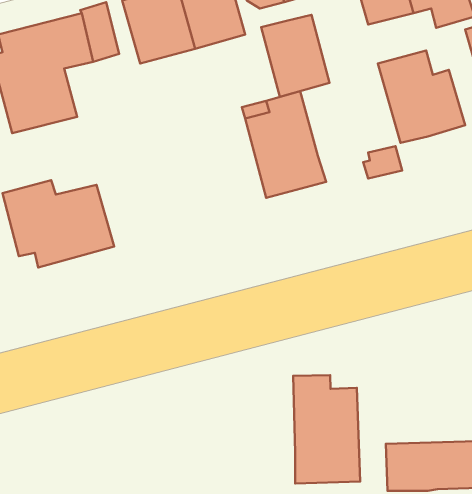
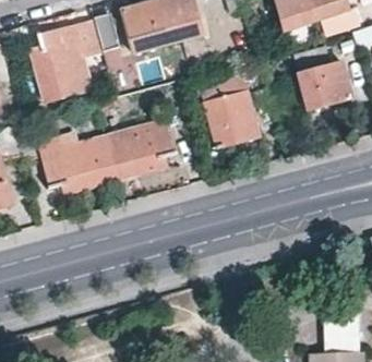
building: [261,15,329,97] -> none
building: none -> [103,121,170,178]
building: [293,375,360,484] -> none

